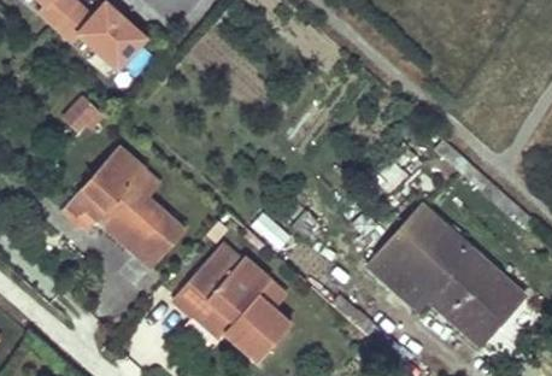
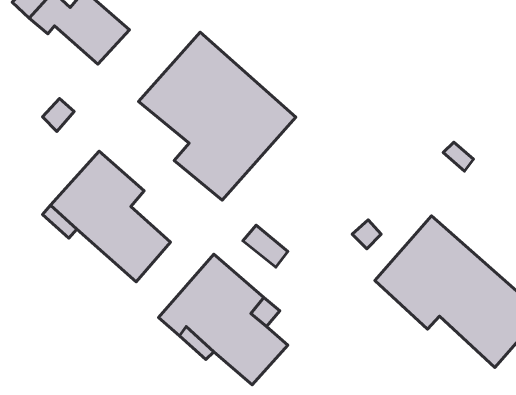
building: none -> [139,32,296,200]

